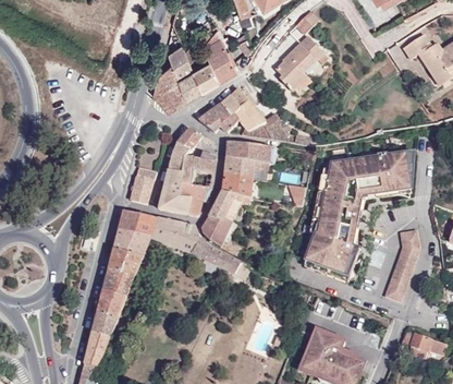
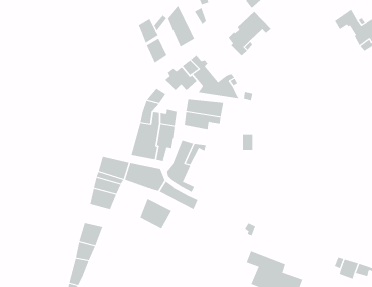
building: [192,59,218,88] -> none
building: [154,60,186,112] -> none
building: [305,152,415,281] -> none
building: [130,167,156,204] -> none
building: [220,172,252,197] -> none
building: [385,229,419,300] -> none
building: none -> [140,198,171,229]
building: [102,267,134,295] -> none

